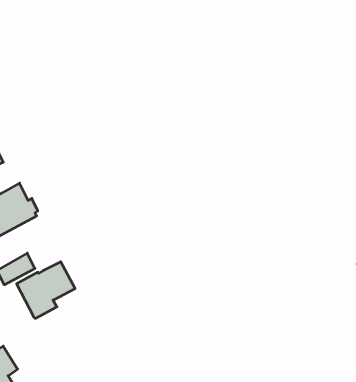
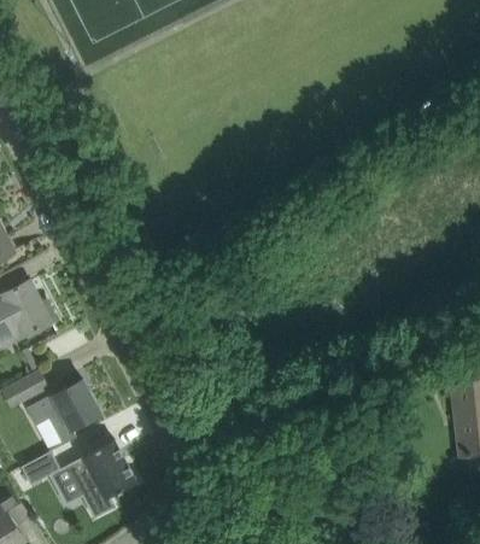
building: none -> [64,439,135,517]
building: none -> [19,451,59,485]

